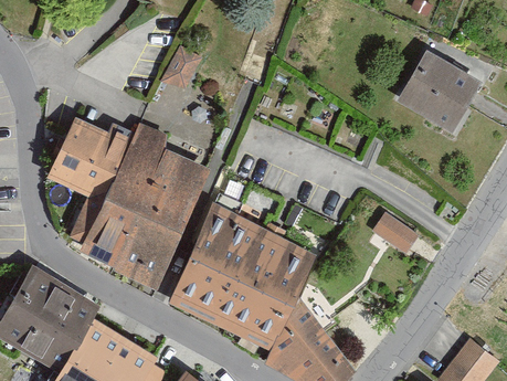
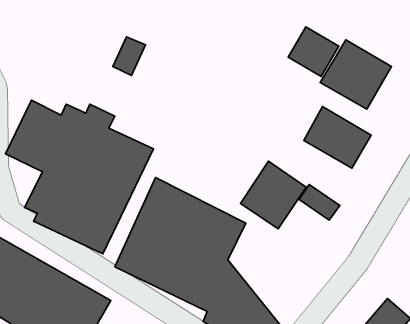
building: none -> [288,27,339,77]
building: none -> [304,107,371,168]
building: none -> [241,161,306,229]

